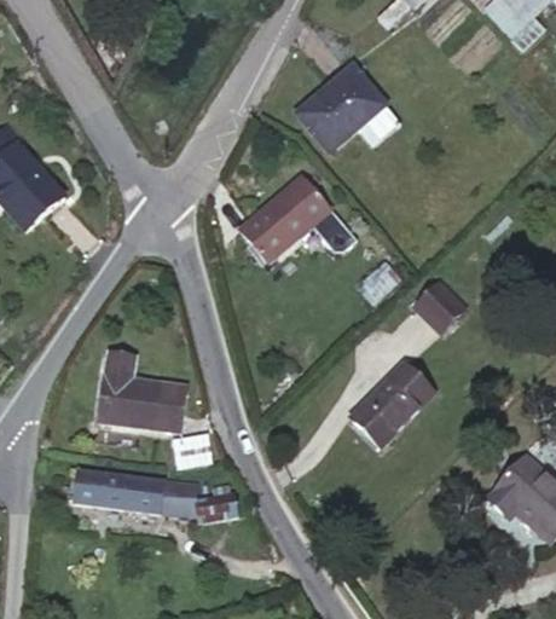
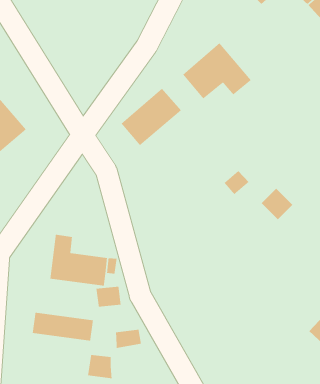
building: [239,175,331,262] -> [120,88,182,146]
building: [351,363,434,445] -> none
building: [161,480,198,517] -> [87,354,112,379]

